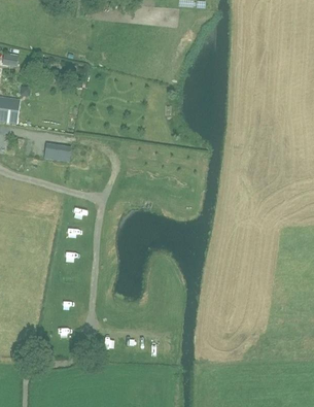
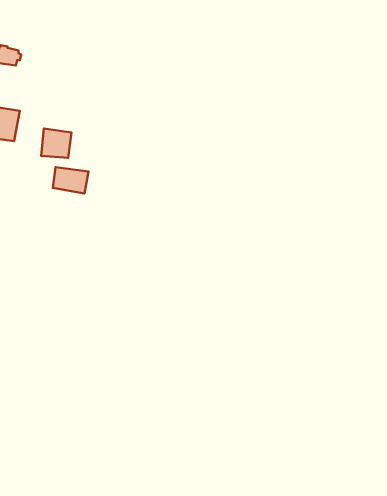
building: none -> [41,128,72,158]

